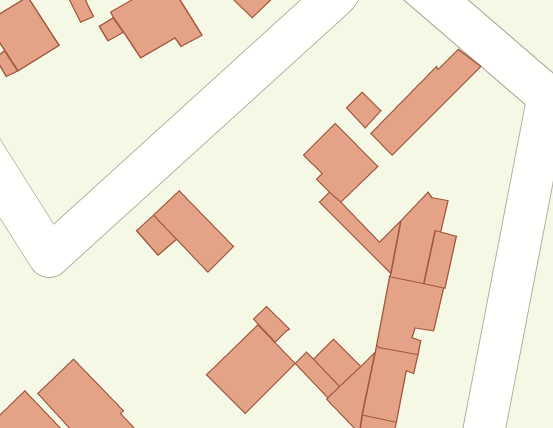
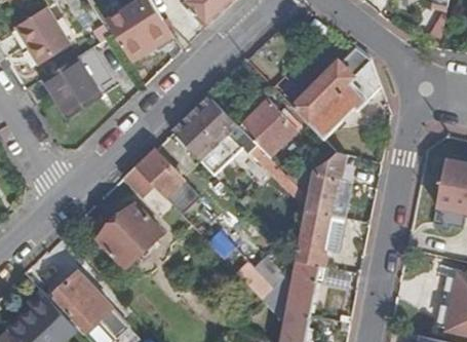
building: none -> [42,47,113,117]
building: none -> [307,59,381,140]
building: none -> [171,94,256,179]
building: [206,325,295,414] -> [98,202,161,266]

